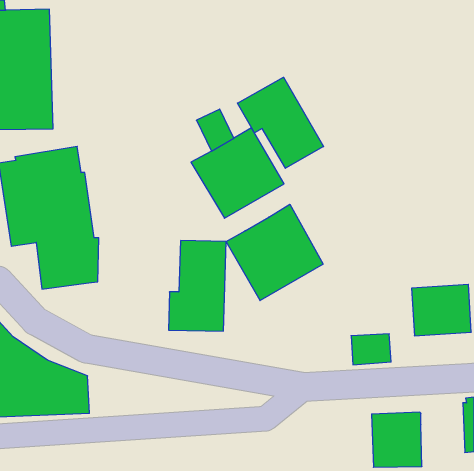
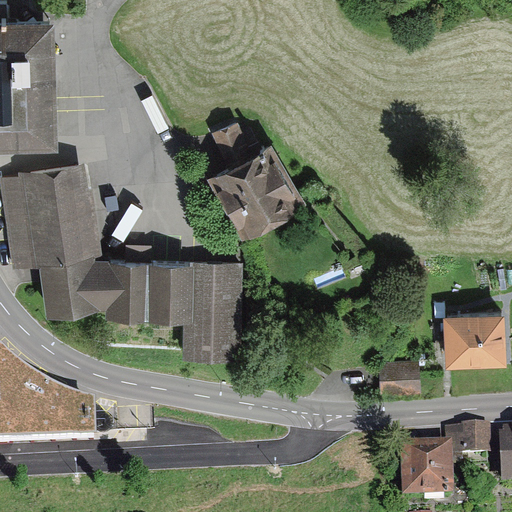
building: [237,77,324,168] -> none
building: [226,204,323,301] -> none
building: none -> [105,261,194,319]
building: none -> [451,430,490,461]

